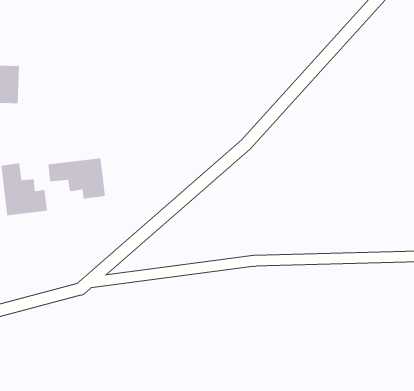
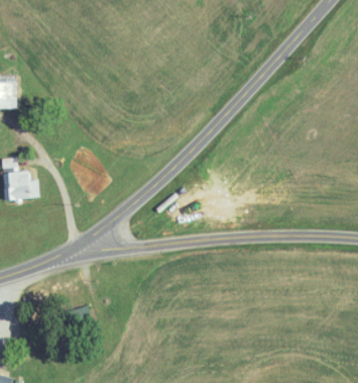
building: [48,158,106,200] -> none

